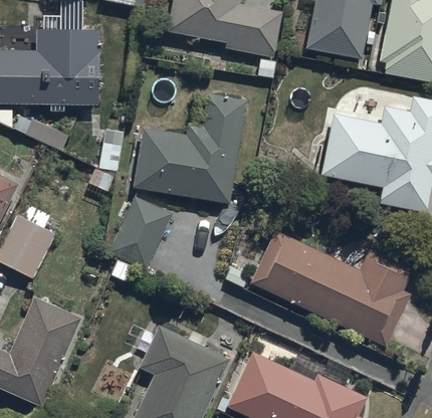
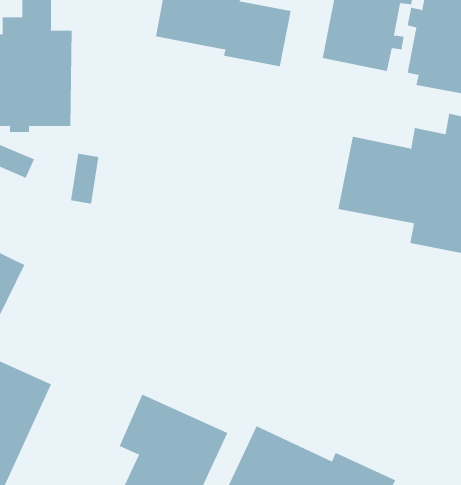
building: [135,95,246,201] -> none
building: [107,194,171,280] -> none
building: [248,229,414,349] -> none

